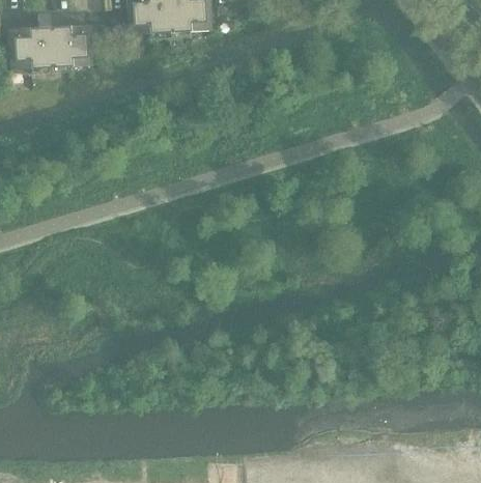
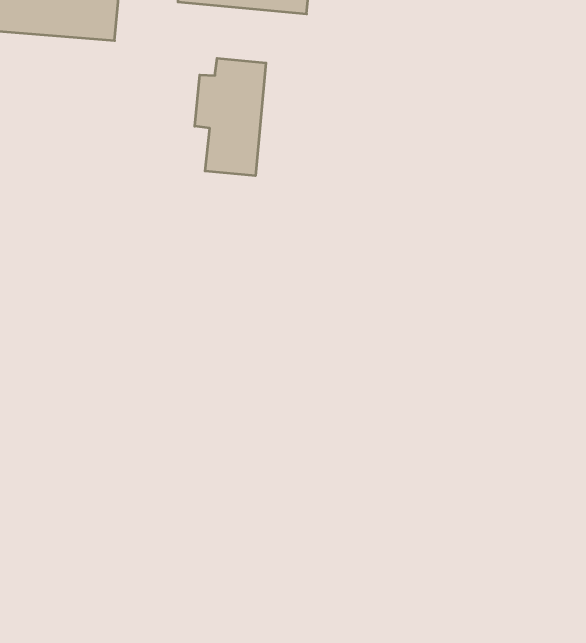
building: none -> [195,58,266,176]

